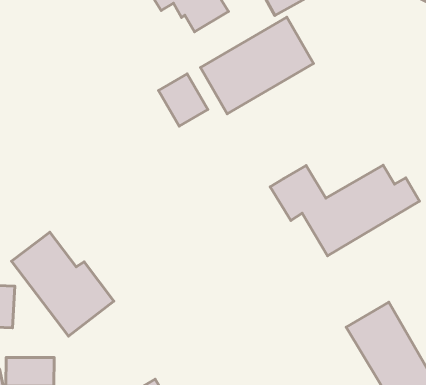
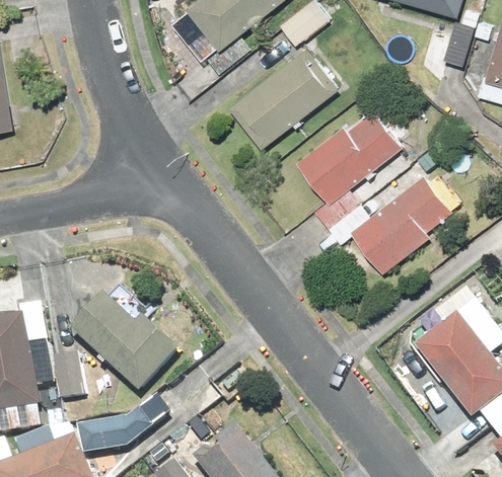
building: [159,74,208,126] -> none
building: none -> [292,109,408,205]

